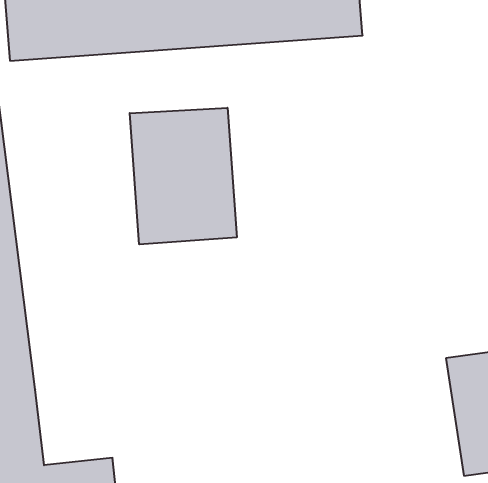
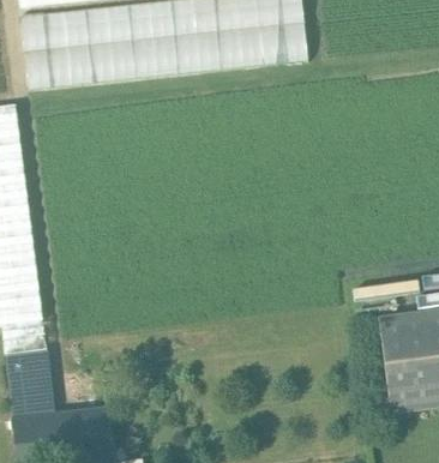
building: [130,108,237,244] -> none

